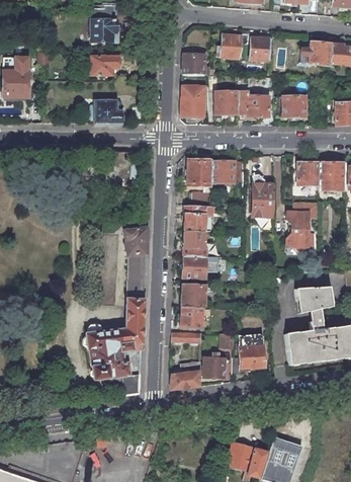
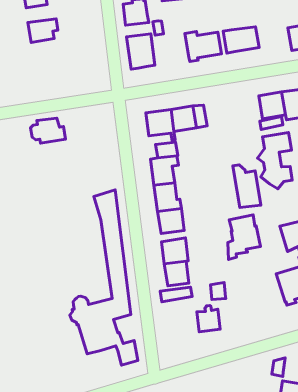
building: [215,87,238,114] -> none
building: [89,101,120,124] -> [31,118,66,143]
building: [254,175,274,217] -> [233,165,261,208]
building: [232,335,264,374] -> [228,215,261,260]
building: [171,362,201,389] -> none

